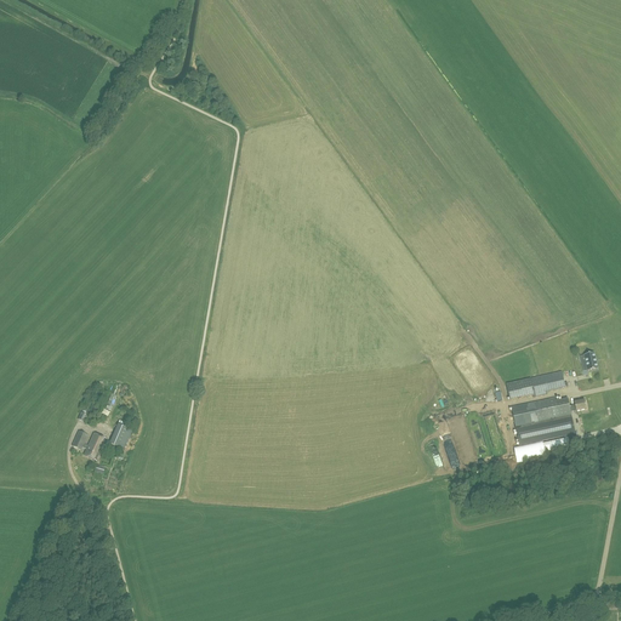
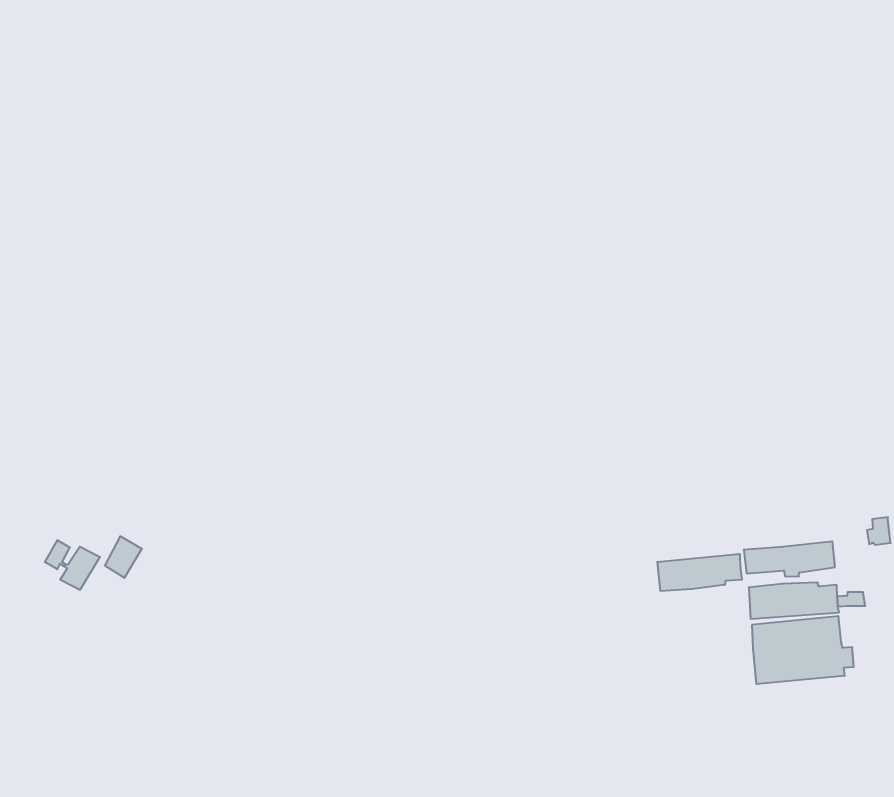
building: none -> [657,554,742,591]

